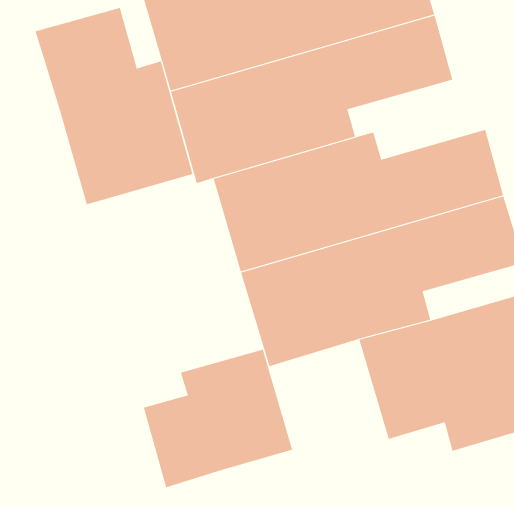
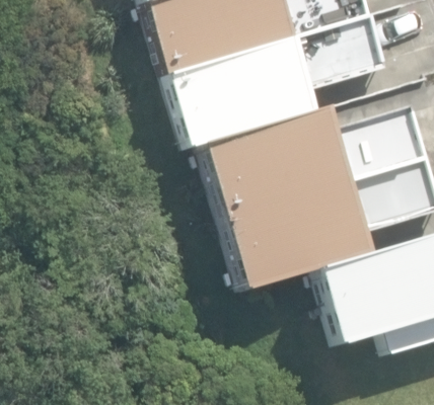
building: [35,7,193,205] -> none
building: [143,349,293,488] -> none

